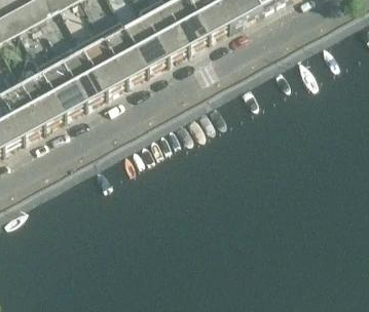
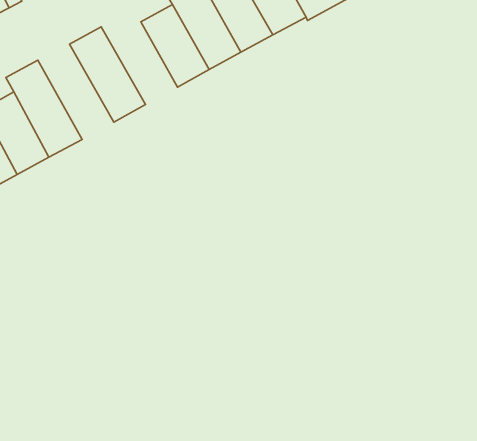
building: [95,21,144,82] -> none
building: [53,43,103,105] -> none

